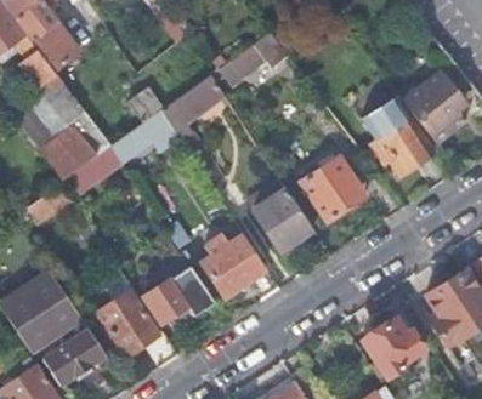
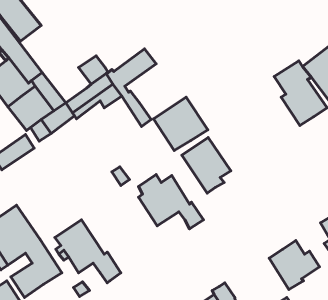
building: [228,32,287,78] -> none
building: [300,155,367,221] -> [154,97,208,150]
building: [144,266,215,321] -> none

